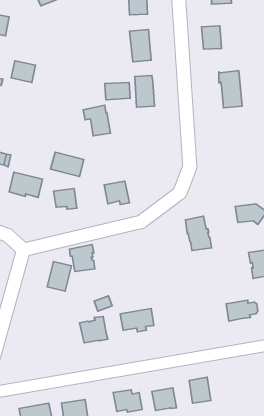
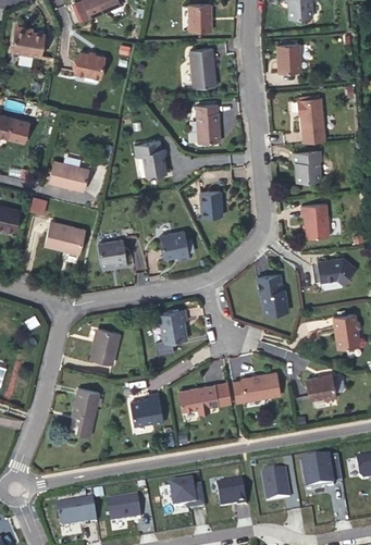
building: [11,61,36,82] -> [75,52,104,78]
building: [105,83,130,100] -> none
building: none -> [293,151,321,183]
building: none -> [200,191,222,218]
building: [51,152,84,177] -> [48,161,88,190]
building: none -> [300,203,329,239]
building: [69,245,95,272] -> [157,310,187,343]
building: none -> [232,372,281,402]
building: none -> [72,388,100,436]
building: none -> [302,457,342,491]

